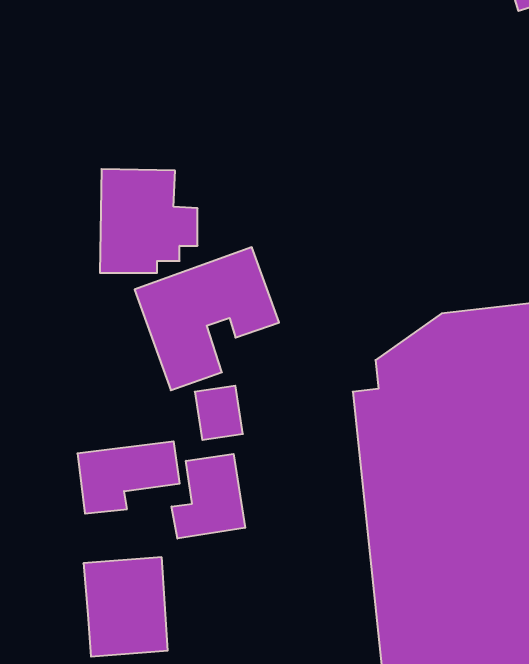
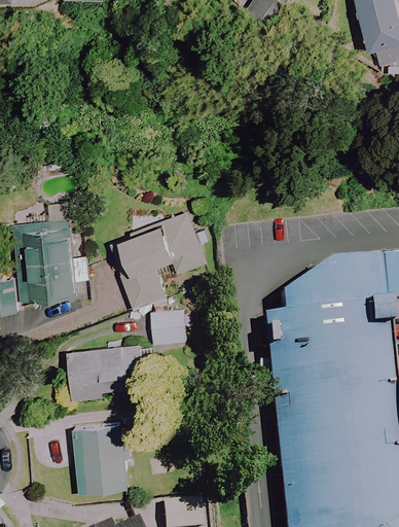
building: [100,169,198,273] -> [24,230,90,301]
building: [172,454,245,539] -> none

